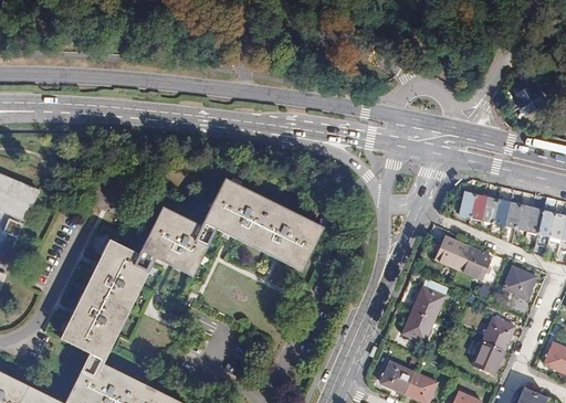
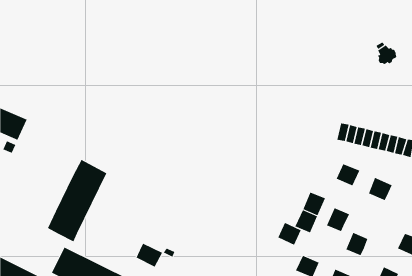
building: [207,182,319,265] -> none
building: [145,210,210,271] -> none
building: [437,236,469,268] -> none
building: [482,317,514,350] -> [326,208,350,232]
building: none -> [136,243,163,267]
building: [380,361,413,393] -> [277,222,302,246]

